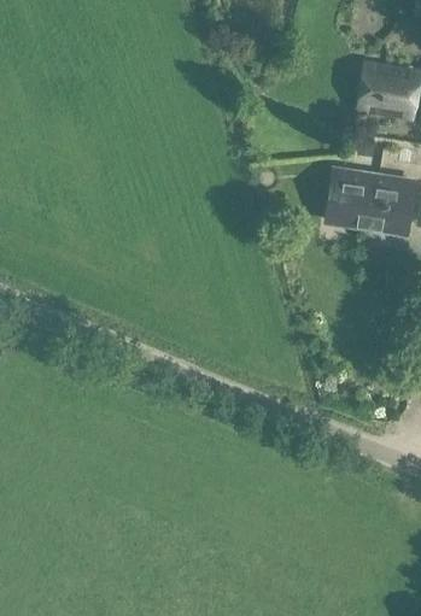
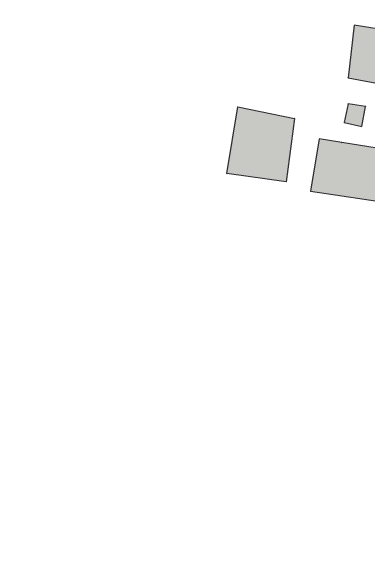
building: none -> [227,107,294,182]

